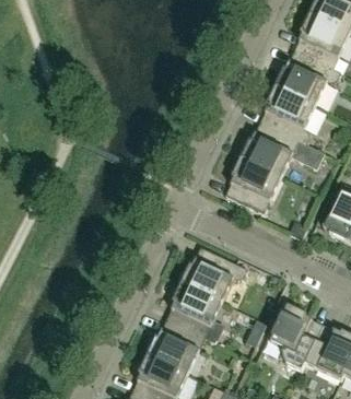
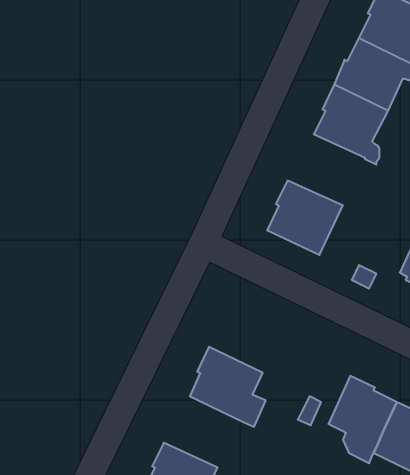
building: [241,125,325,178] -> none
building: [182,248,248,304] -> none
building: [148,321,206,375] -> none

